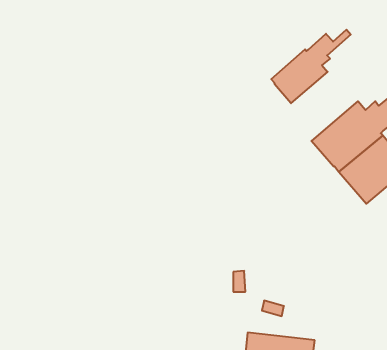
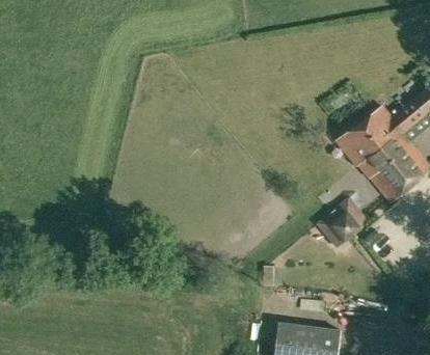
building: [271,30,351,103] -> none
building: none -> [315,197,368,250]

